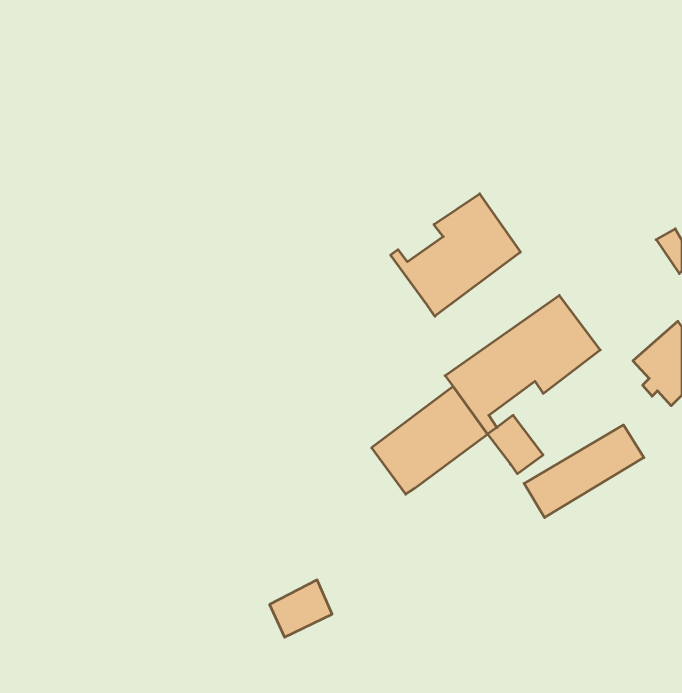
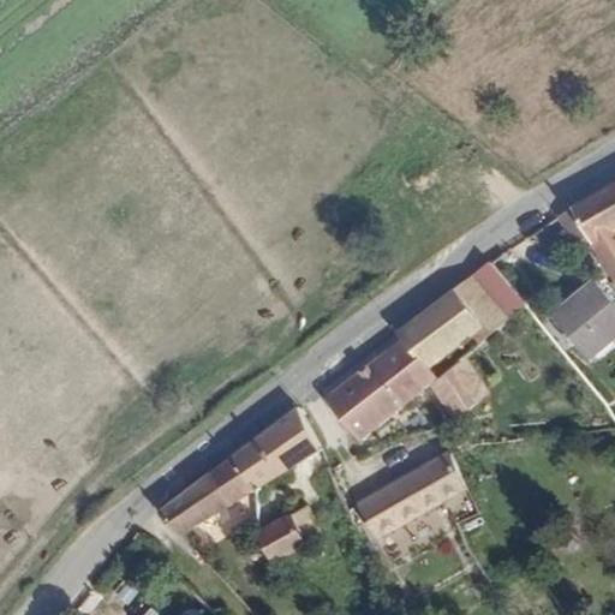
building: [391,194,520,316] -> none
building: [524,425,644,518] -> [345,453,450,535]
building: none -> [160,404,326,531]

